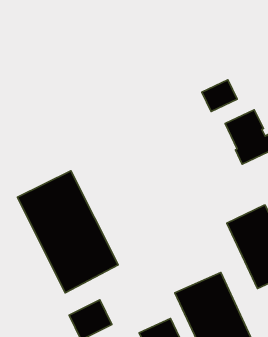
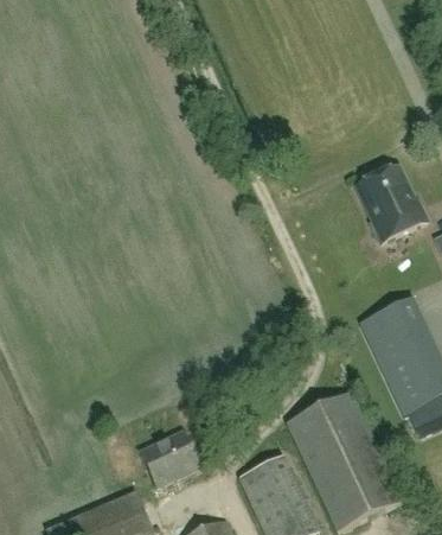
building: [202,80,237,111] -> none
building: [17,171,118,293] -> none

